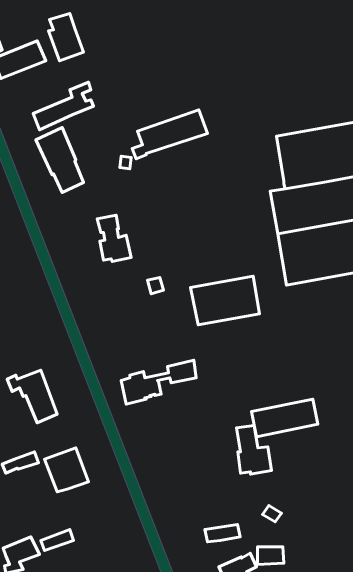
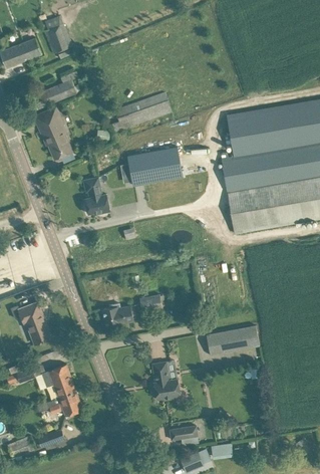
building: [191,276,259,325] -> [127,147,183,186]
building: [237,425,272,474] -> [152,362,181,401]
building: none -> [47,392,83,417]

